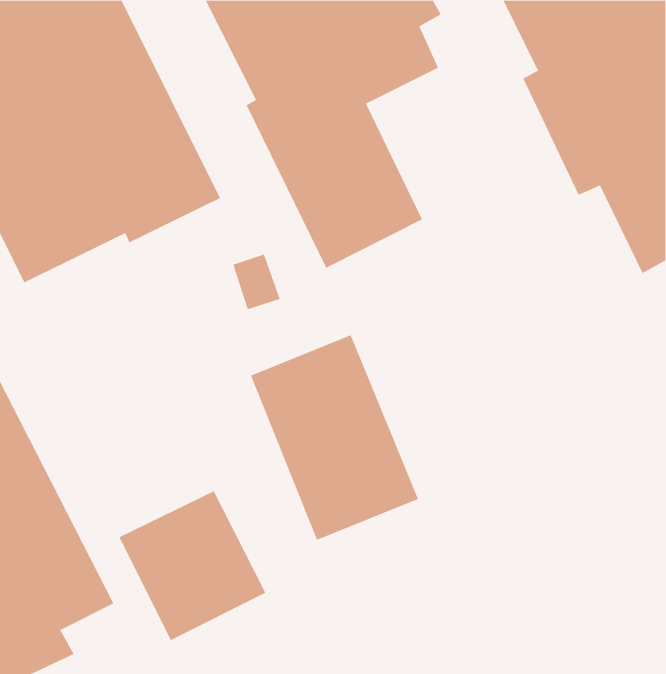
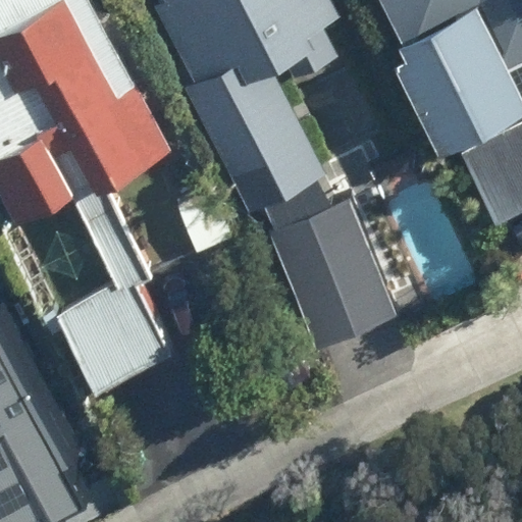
building: [250,334,419,540] -> [264,190,394,348]
building: [119,490,266,641] -> [57,277,170,393]

